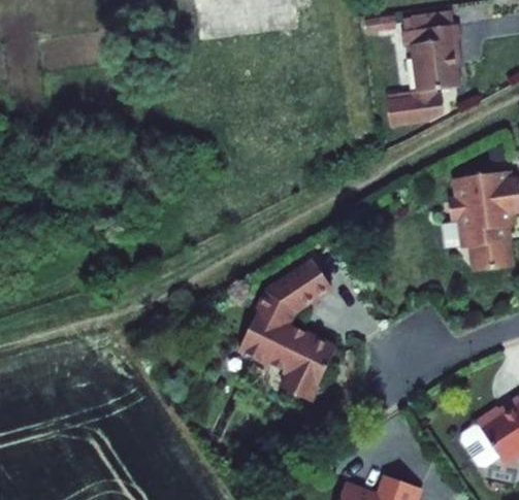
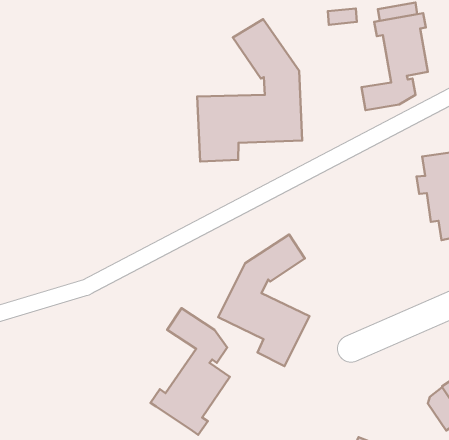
building: none -> [197,19,302,162]
building: none -> [150,308,230,435]

